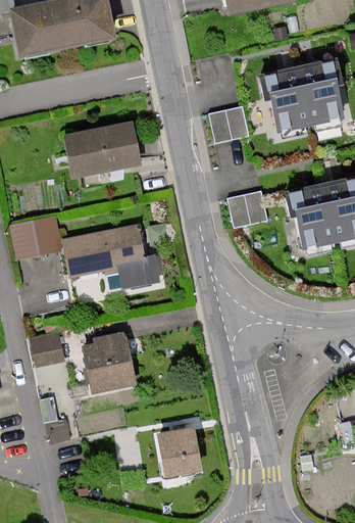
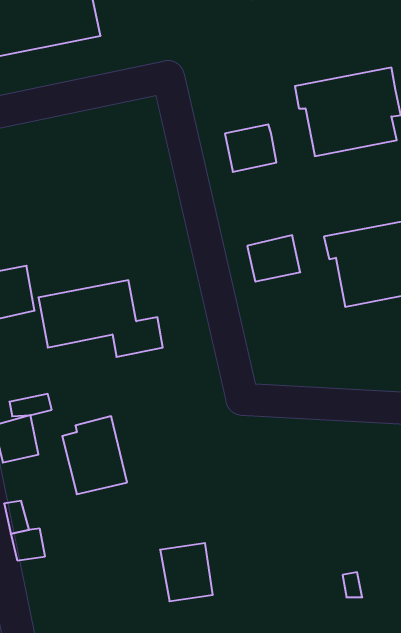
building: [65,123,138,174] -> none

